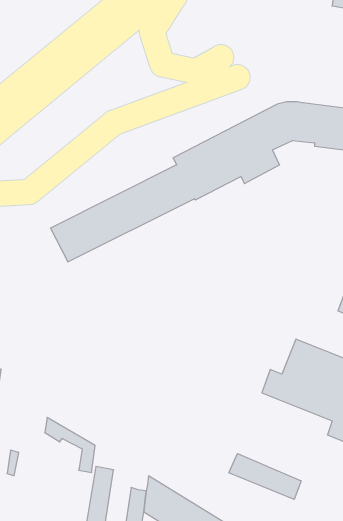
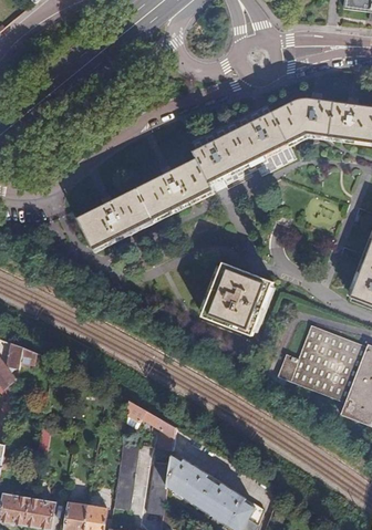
building: none -> [203,261,272,334]
building: [45,417,95,472] -> [126,399,174,451]
building: [229,454,301,499] -> none

